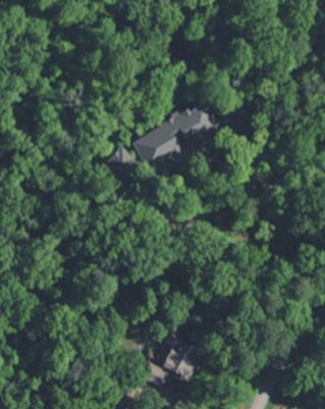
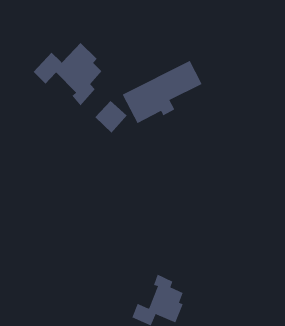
building: none -> [33,42,102,106]

